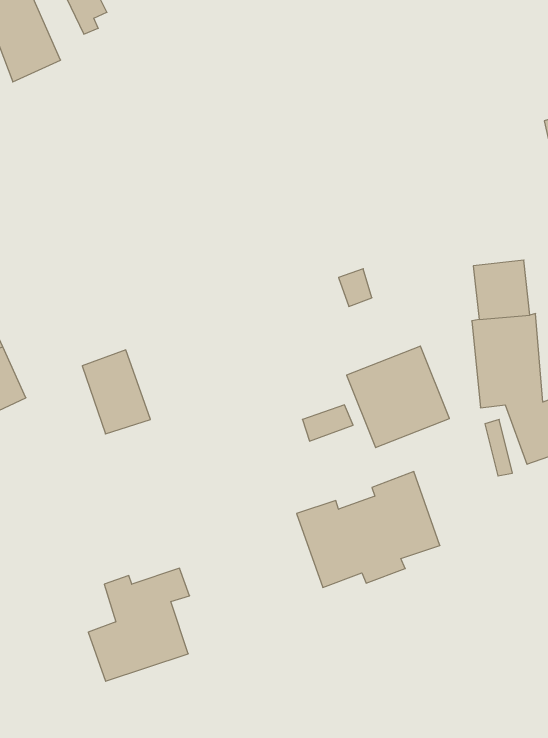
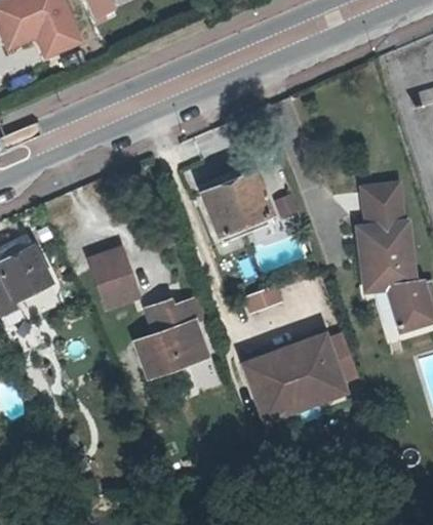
building: [347,346,449,448] -> [204,172,277,244]
building: [88,568,190,681] -> [134,298,206,378]

